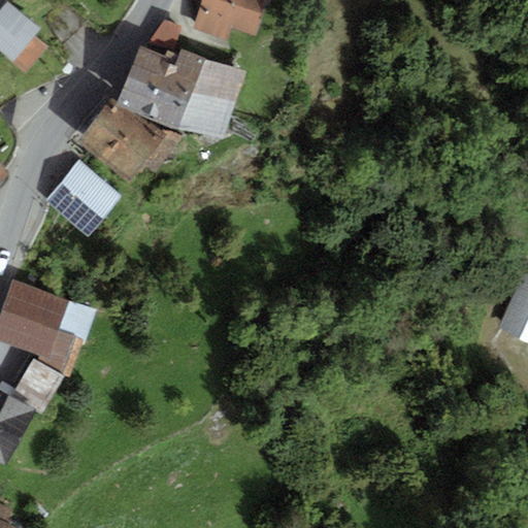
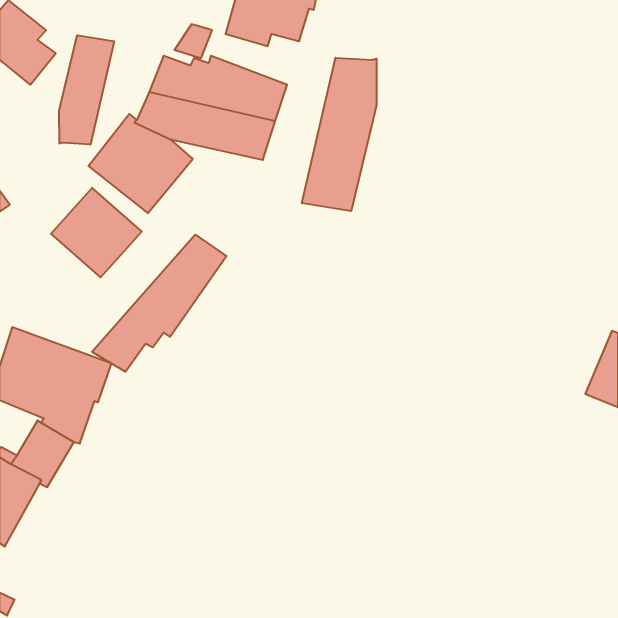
building: none -> [59,35,114,145]
building: none -> [302,58,377,211]
building: none -> [92,235,226,372]

